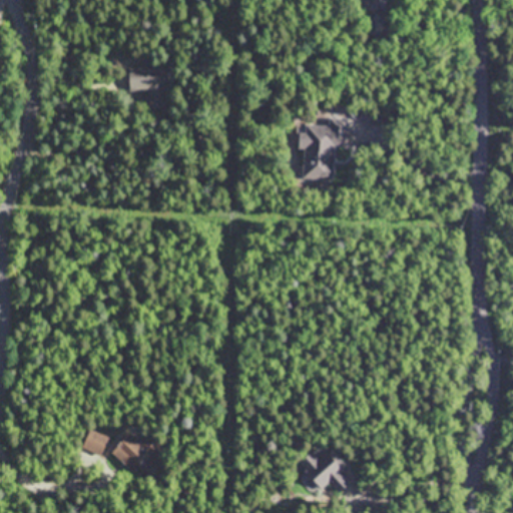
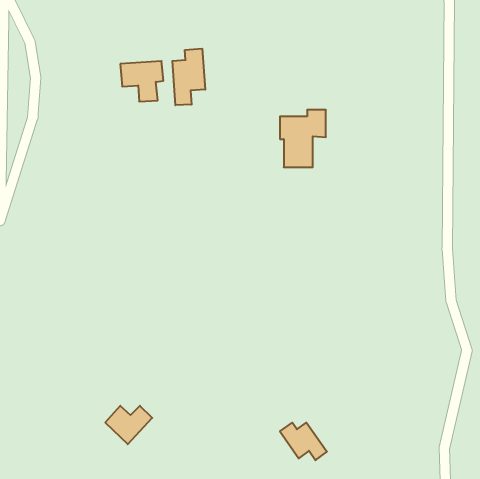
building: none -> [172,49,205,105]
building: [82,430,107,453] -> none

